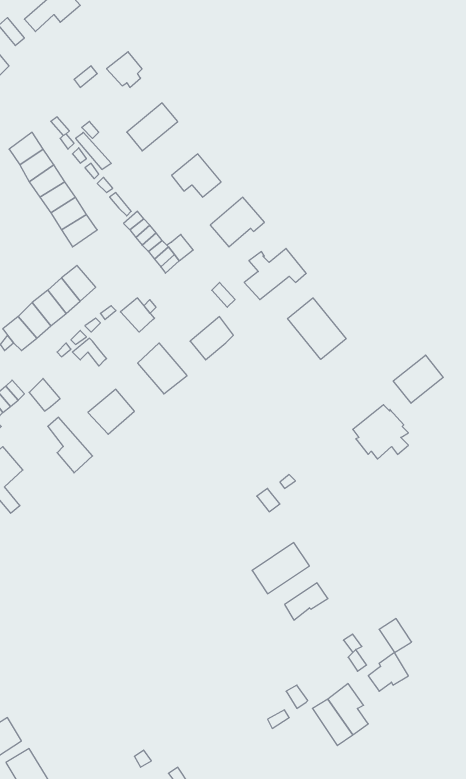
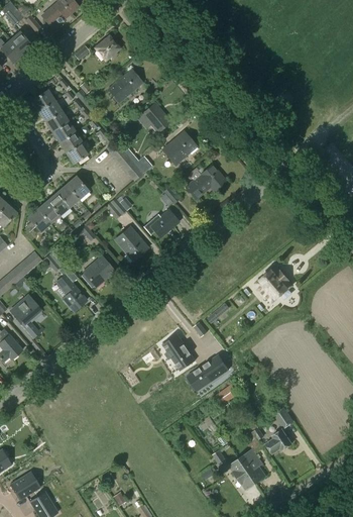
building: [288,298,346,359] -> none
building: [393,355,443,403] -> none
building: none -> [164,333,198,370]

